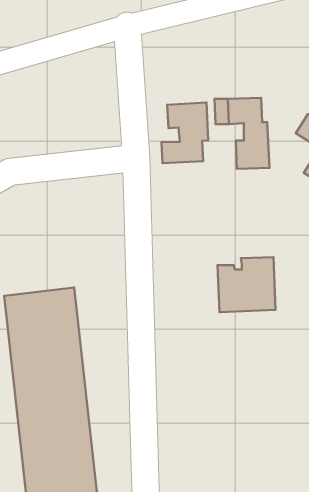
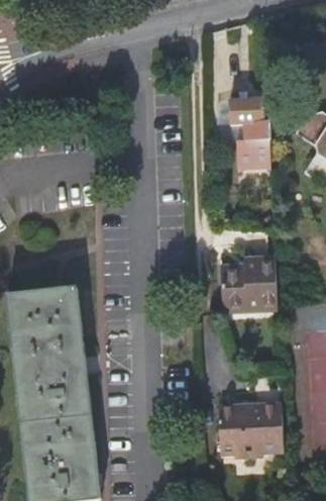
building: [161,103,208,163] -> none
building: none -> [218,405,283,457]

